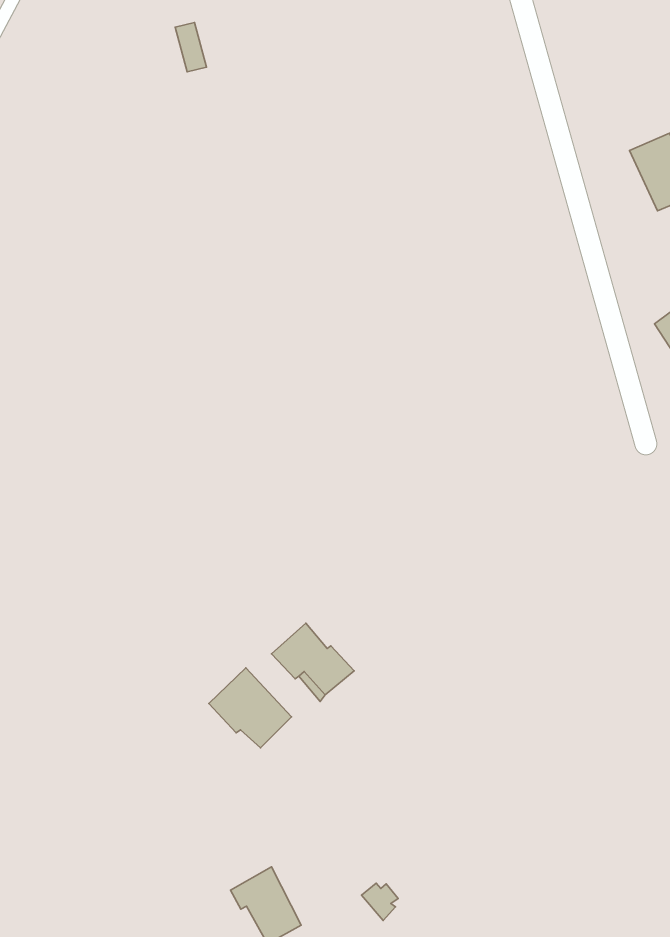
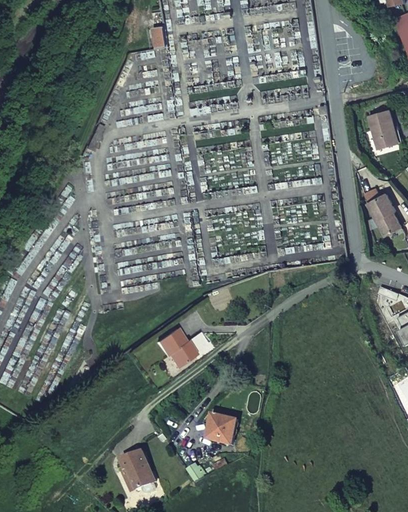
building: [209,668,292,748] -> none
building: none -> [206,413,237,444]

